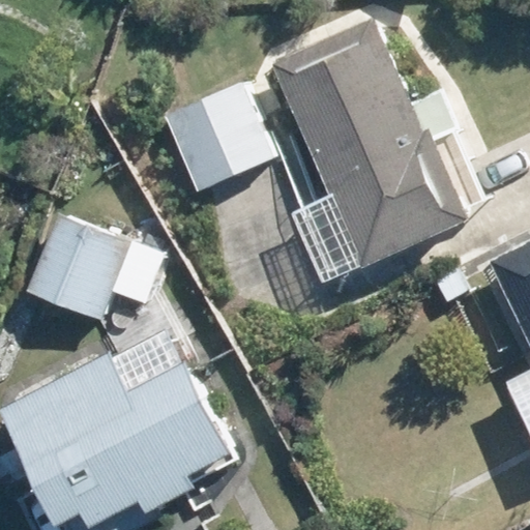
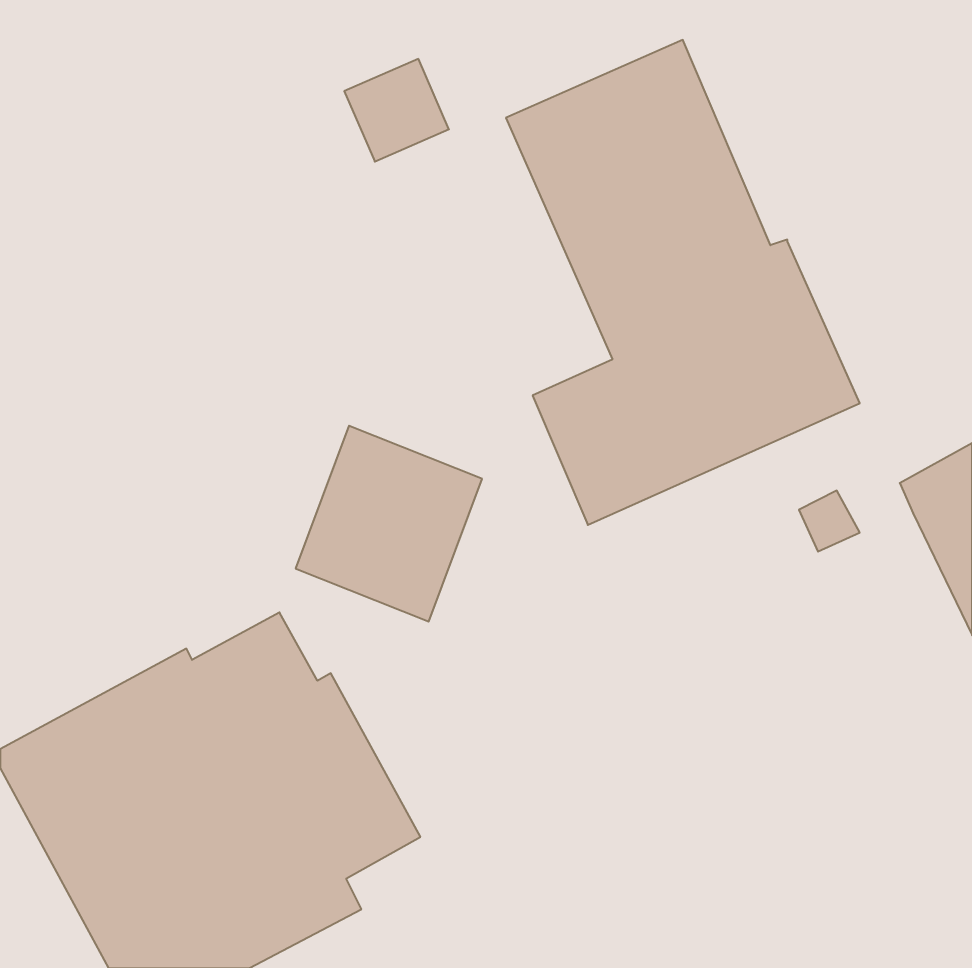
building: [164,78,277,190] -> none
building: [51,214,152,321] -> [296,426,482,622]

